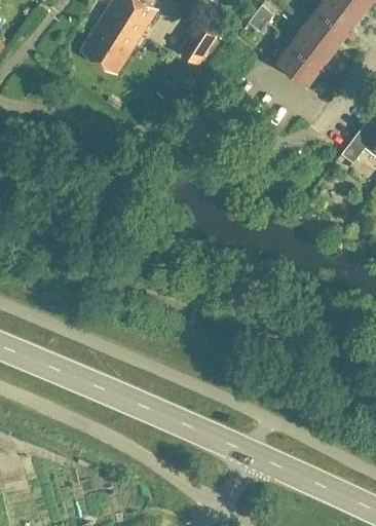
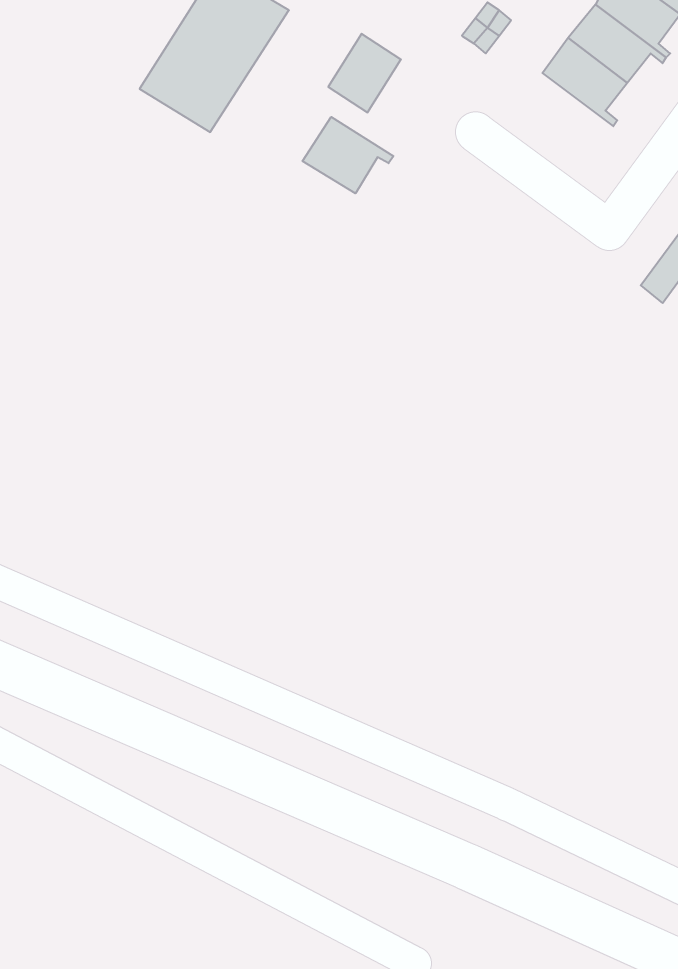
building: [276,45,327,85] -> none
building: none -> [303,117,393,193]

